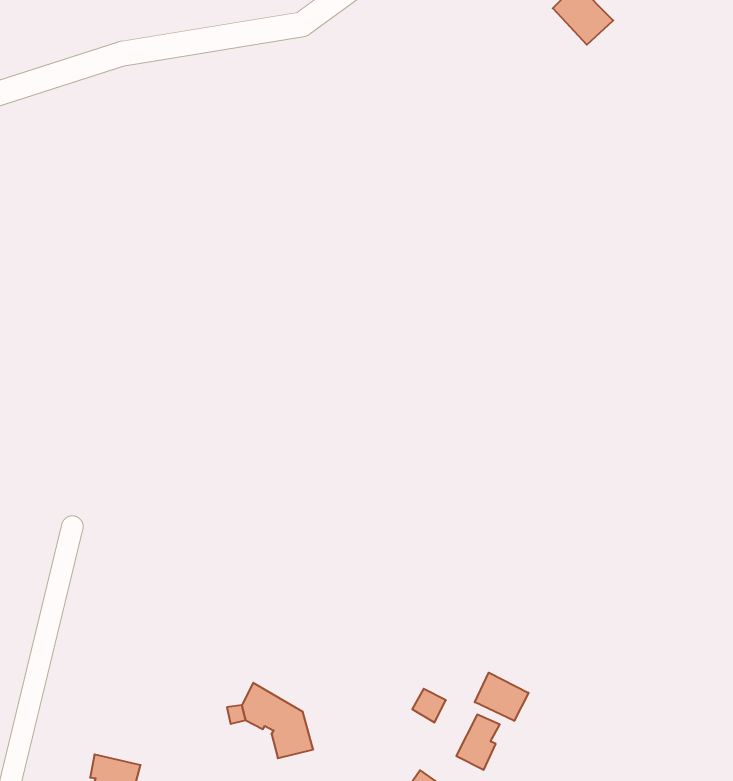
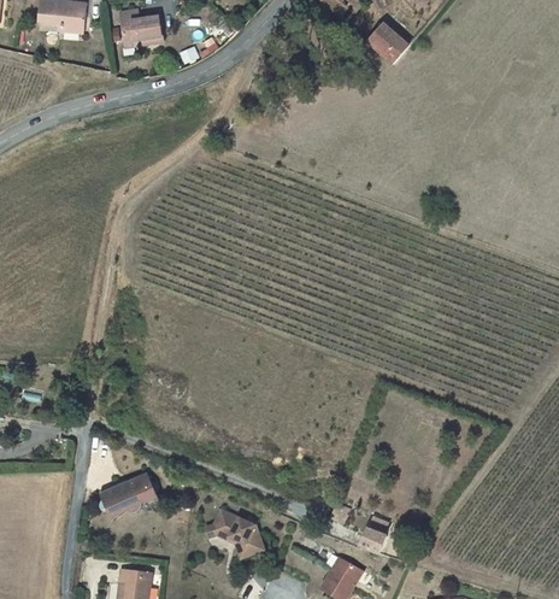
building: none -> [96,474,153,521]
building: [475,673,529,721] -> none

